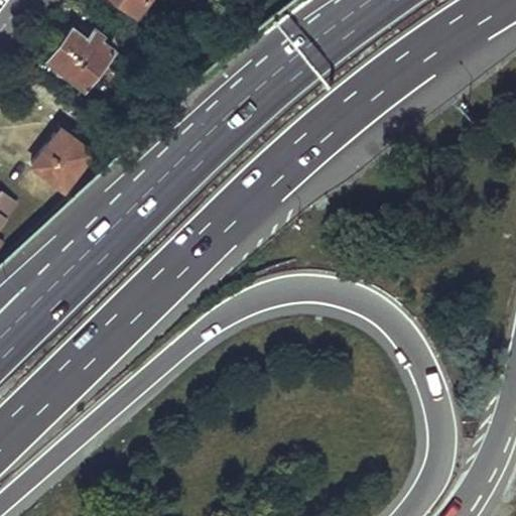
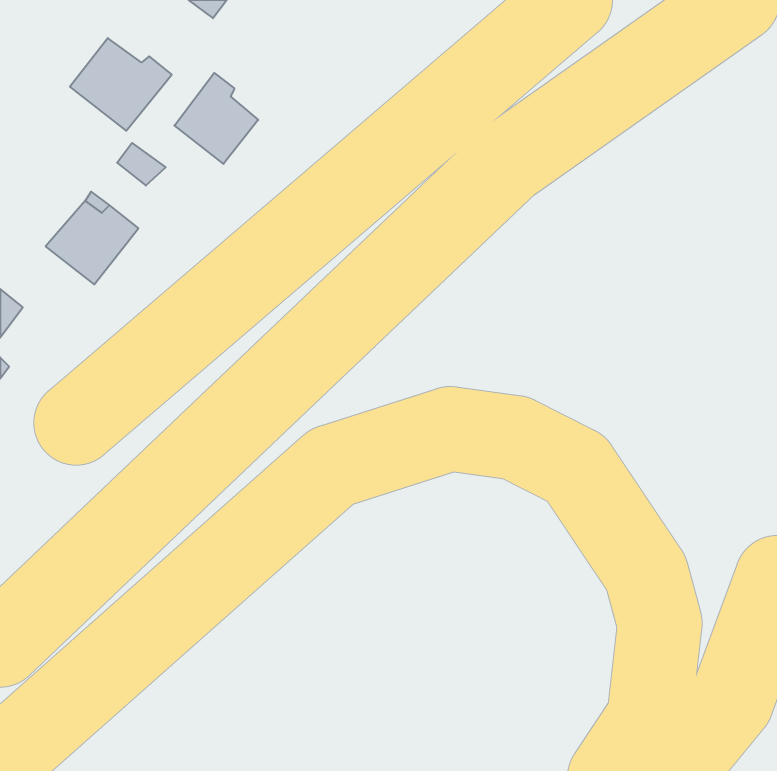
building: none -> [174,73,258,164]

